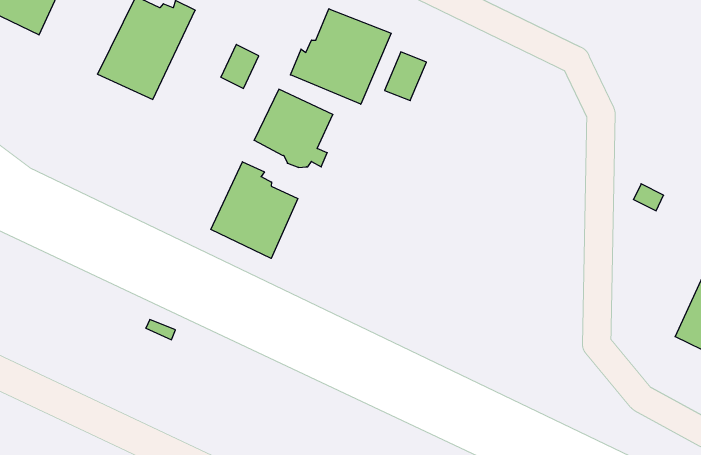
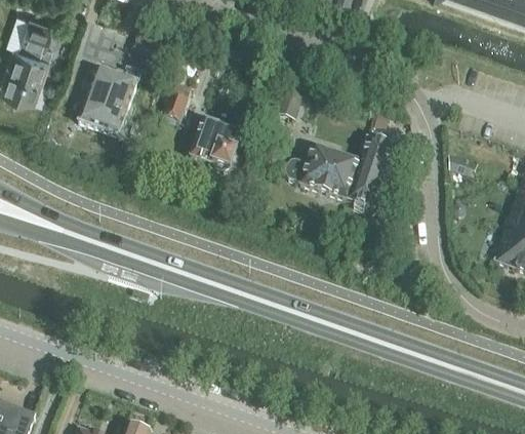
building: [290,9,391,104] -> none
building: none -> [285,139,394,209]
building: [211,162,298,258] -> none

